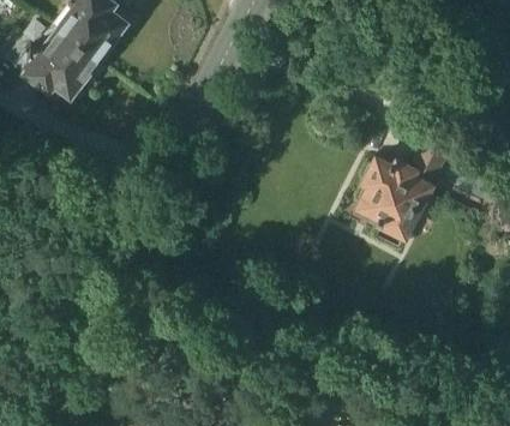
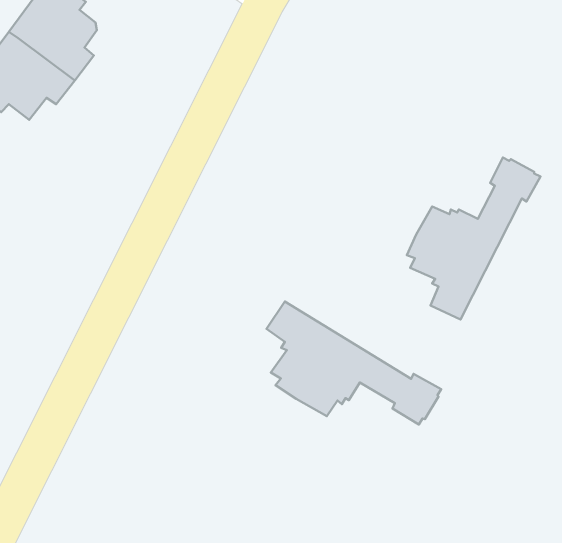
building: none -> [267,302,441,425]

